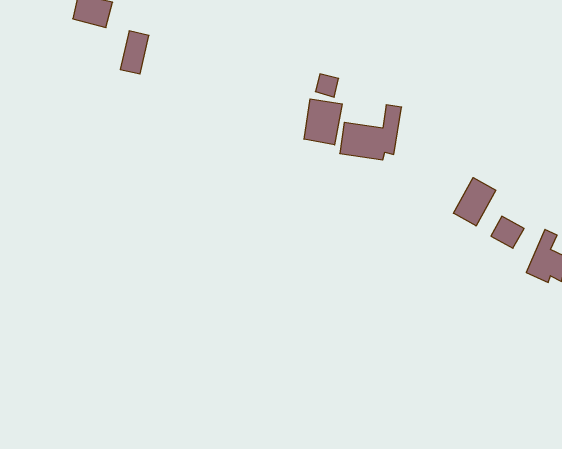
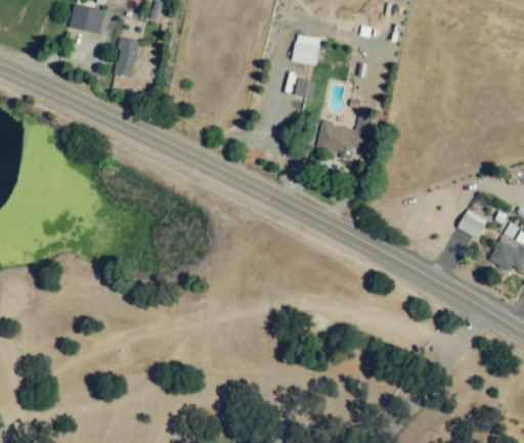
building: none -> [292,34,319,63]
building: [304,99,342,145] -> none
building: [453,178,496,226] -> none

